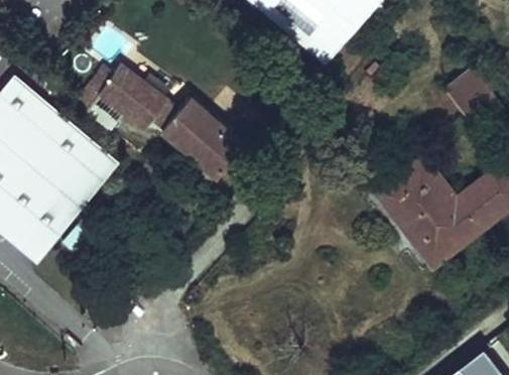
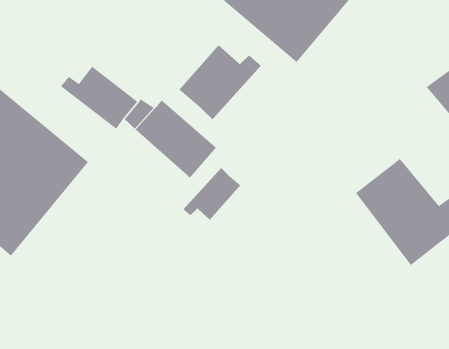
building: none -> [178,45,262,120]
building: none -> [183,167,241,220]

